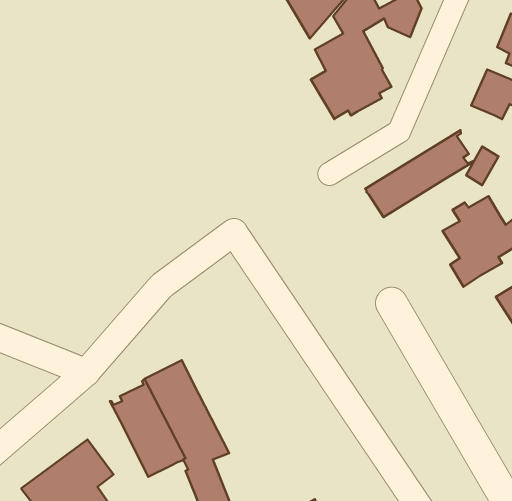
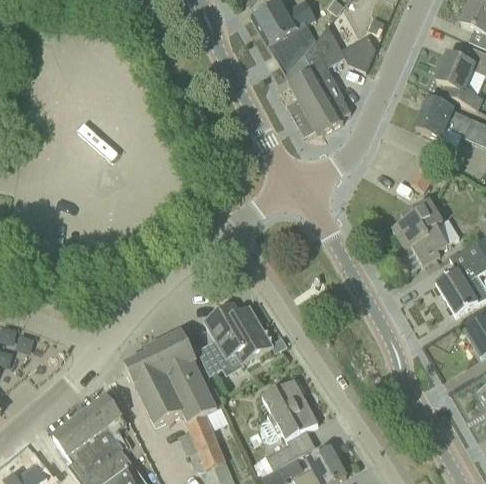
building: [365,130,474,217] -> none
building: none -> [198,301,273,375]
building: none -> [258,378,317,439]

